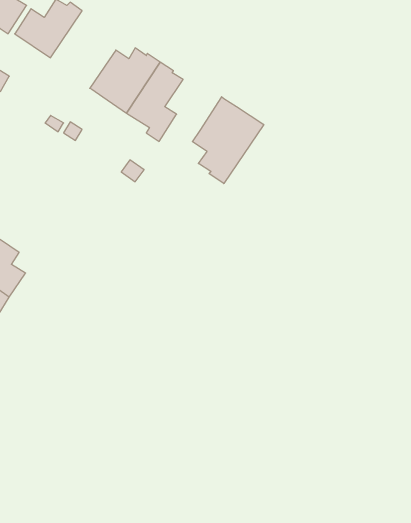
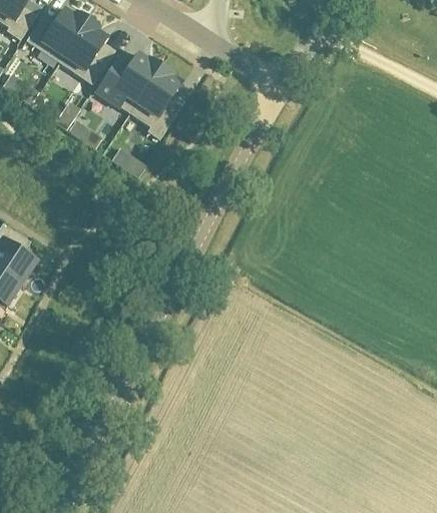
building: none -> [59,19,109,84]
building: [192,97,264,184] -> none

